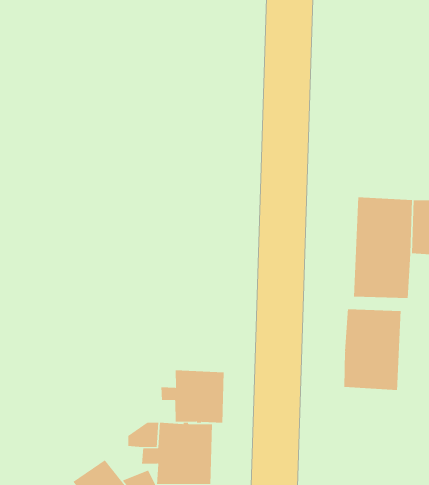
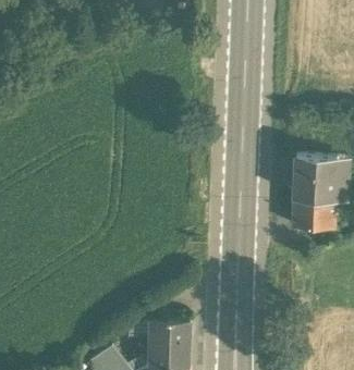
building: [344,308,401,391] -> none
building: [161,370,224,424] -> none

